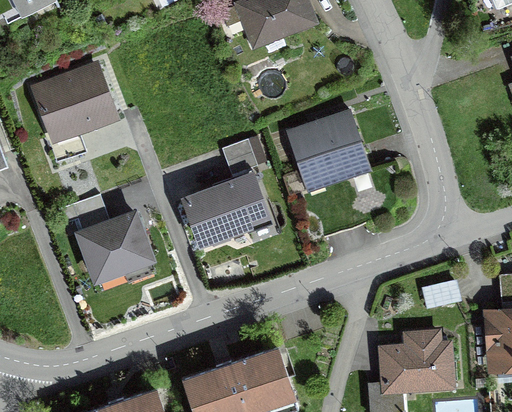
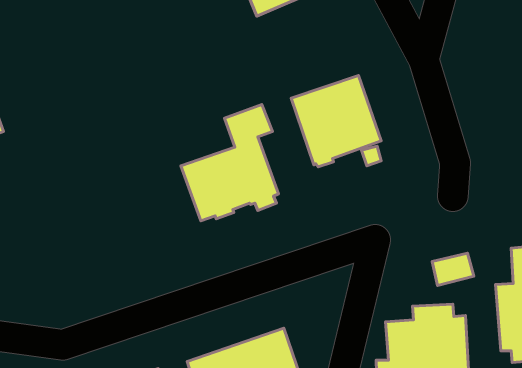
building: [29,59,119,164] -> none
building: [58,194,156,284] -> none

